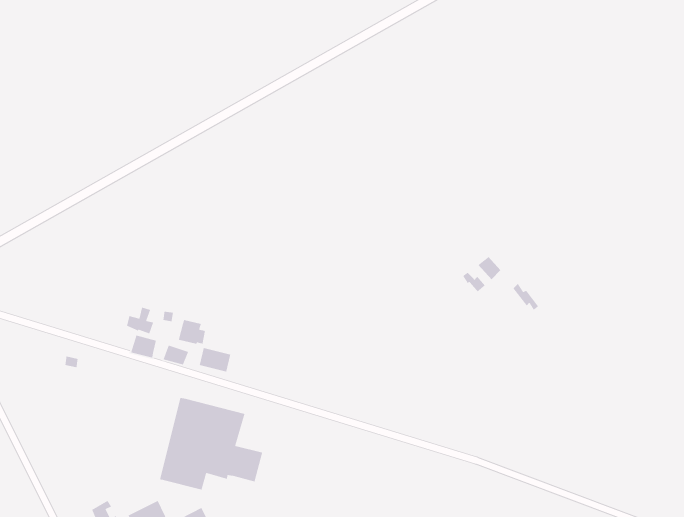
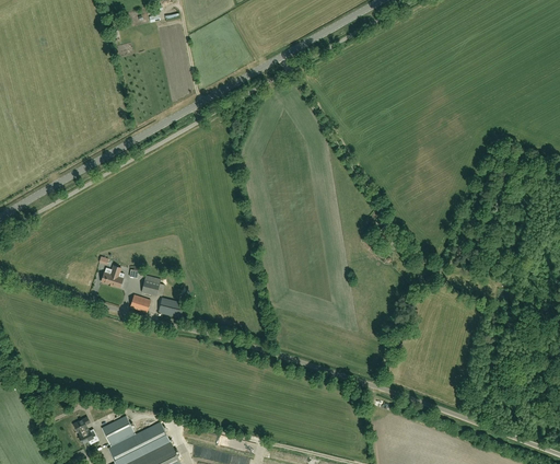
building: [159,397,263,490] -> none

